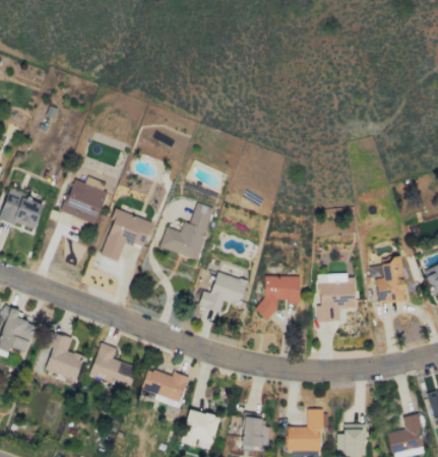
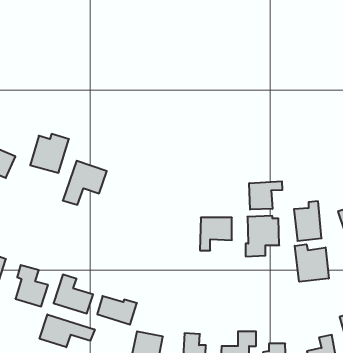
building: [160,202,213,259] -> none
building: none -> [249,181,282,210]
building: [198,272,247,313] -> none
building: none -> [295,244,329,282]
building: none -> [40,314,95,347]

